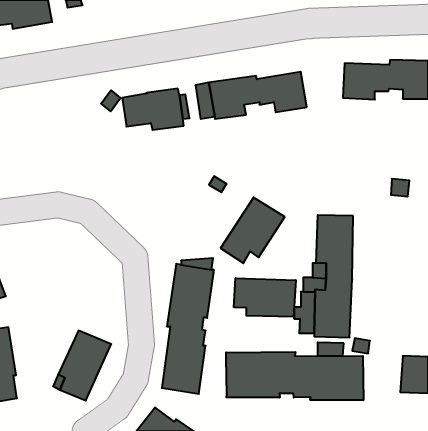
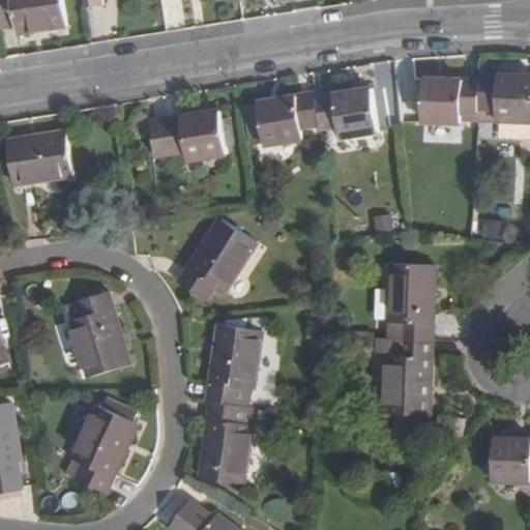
building: none -> [6,130,72,185]
building: [221,197,285,263] -> [178,219,257,300]
building: none -> [68,293,128,375]
building: [234,278,296,317] -> none
building: [226,352,363,400] -> none

